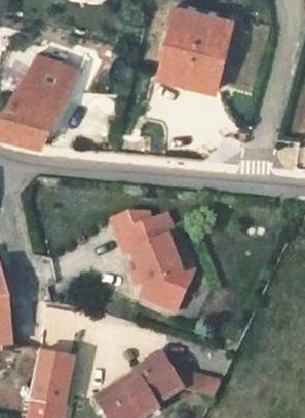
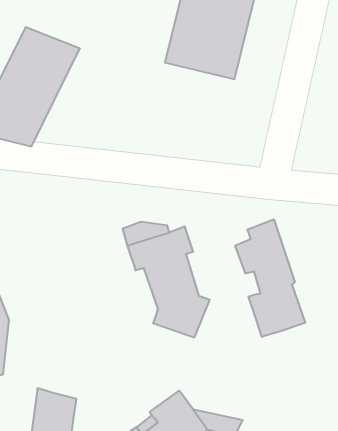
building: none -> [235,219,305,337]

